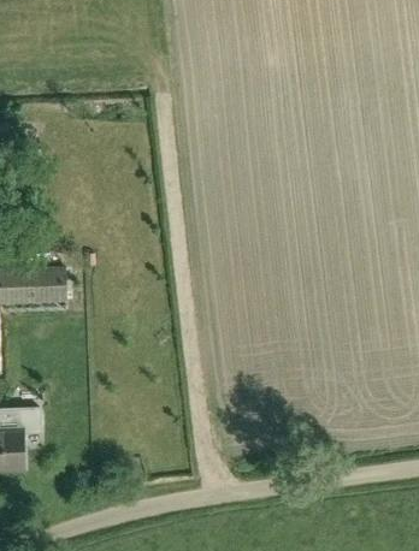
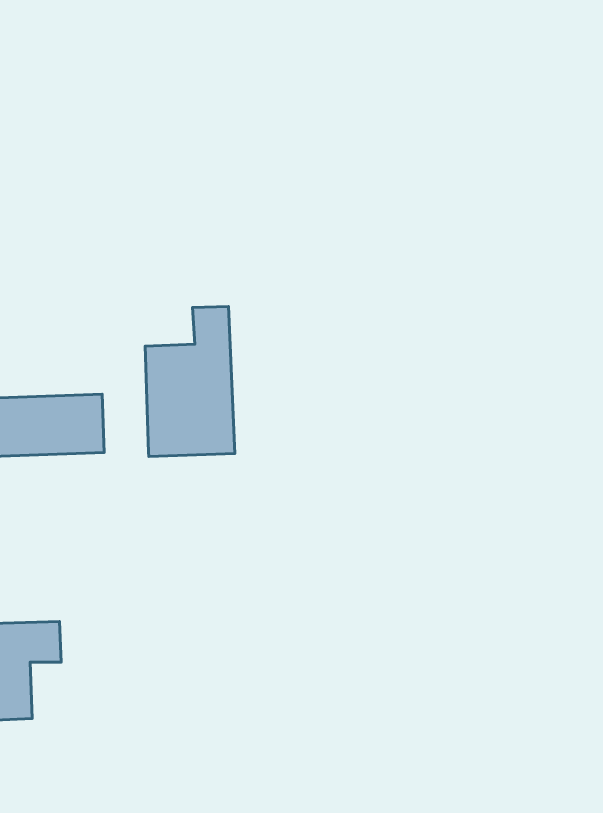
building: none -> [145,306,235,457]

